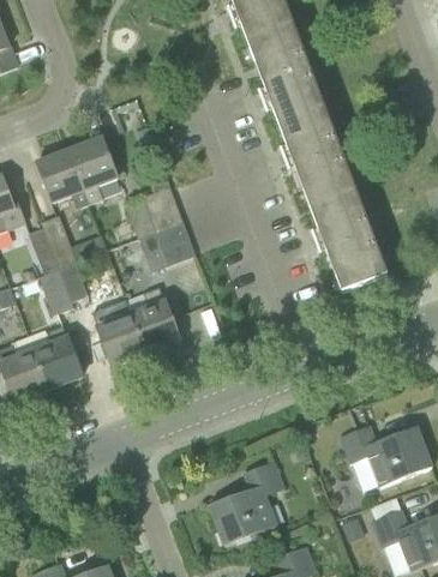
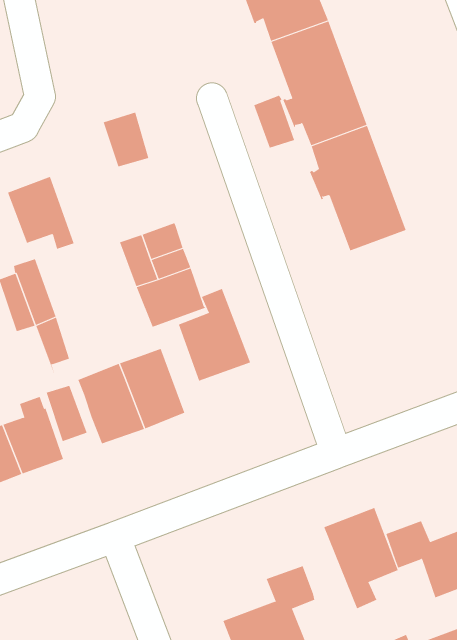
building: none -> [253,95,295,149]
building: [71,132,119,203] -> none
building: [311,192,388,293] -> none
building: none -> [178,288,251,382]
building: [40,269,73,314] -> [46,385,88,442]
building: none -> [324,507,398,609]

